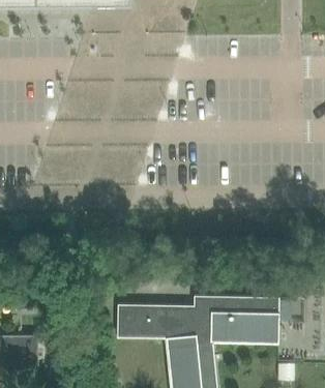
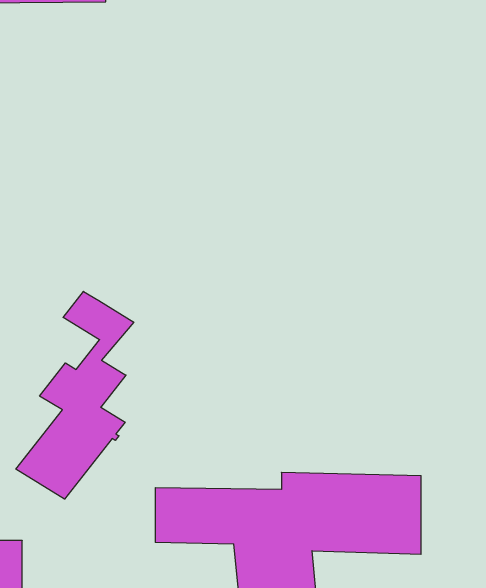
building: none -> [16,291,134,499]

